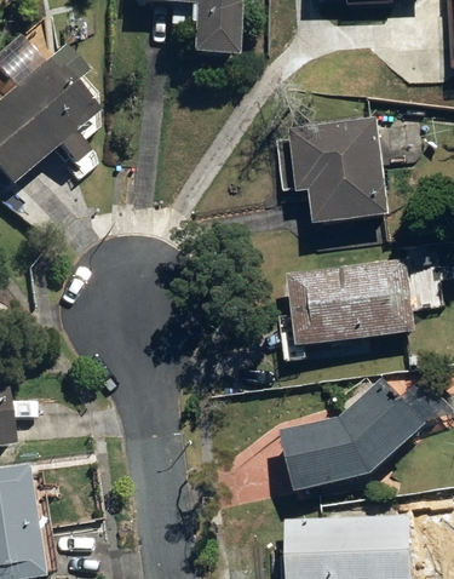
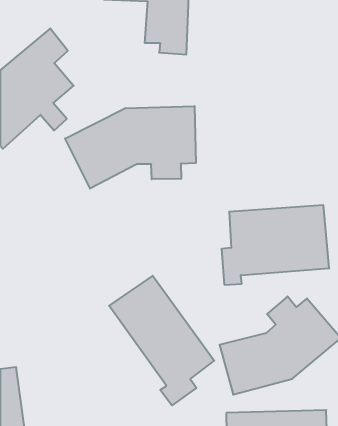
building: [278,114,387,222] -> none
building: none -> [65,106,196,189]
building: none -> [109,276,214,405]

